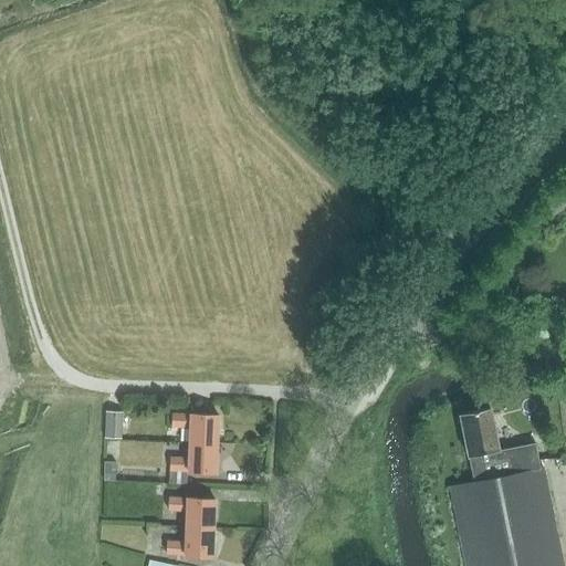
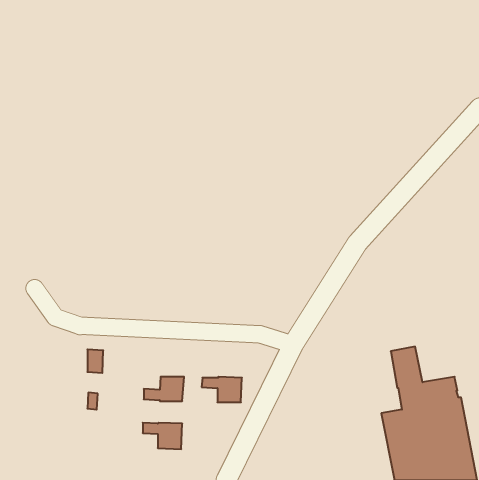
building: [171,413,219,443] -> [202,377,242,402]
building: [167,527,214,557] -> none

